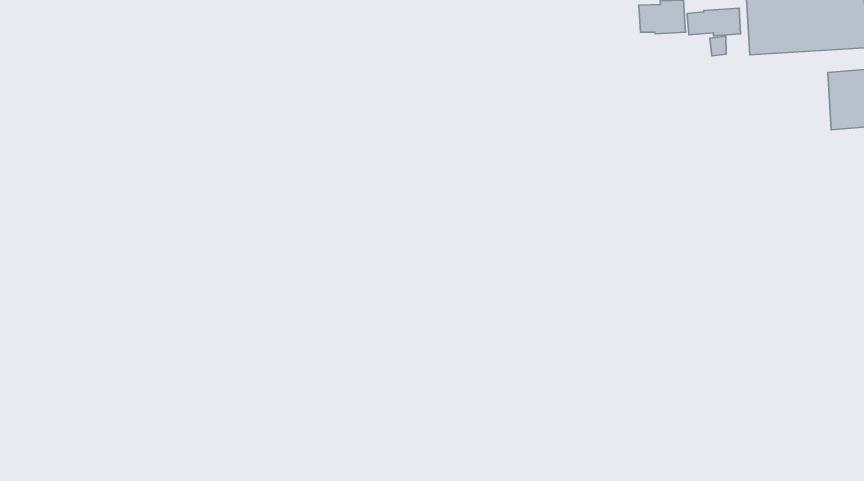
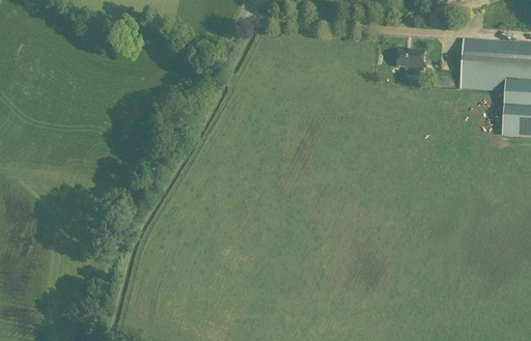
building: [687,8,740,36] -> none

